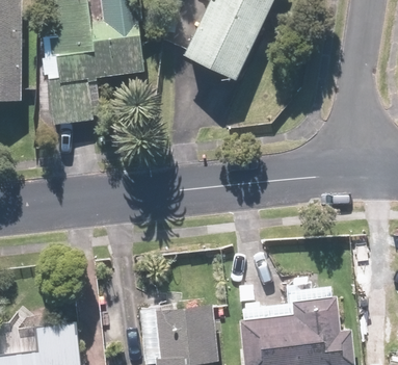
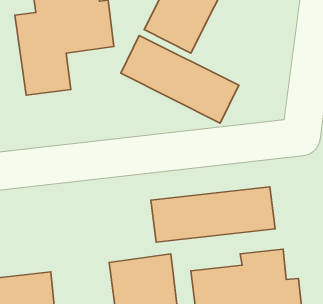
building: none -> [121,35,239,123]
building: none -> [151,187,275,242]

